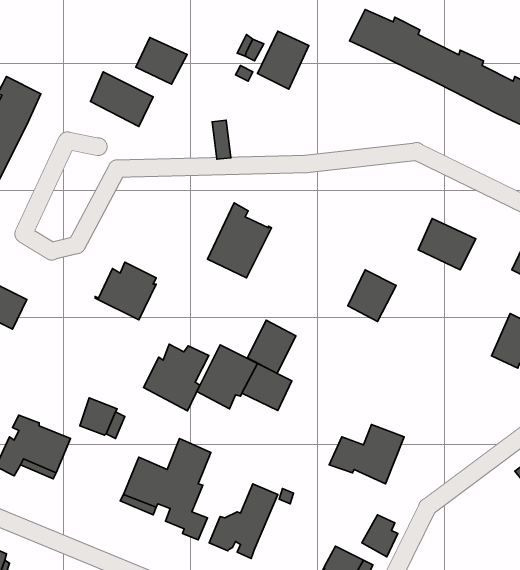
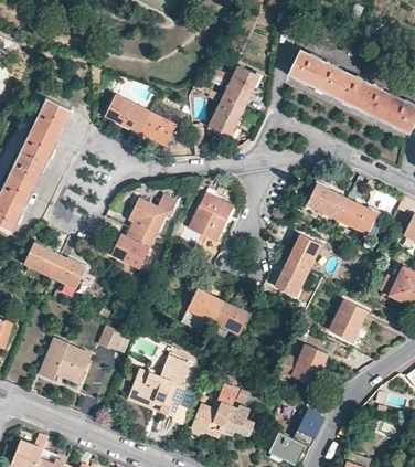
building: [136,37,187,84] -> [139,113,175,146]
building: none -> [208,96,245,137]
building: none -> [306,184,347,221]
building: none -> [128,194,175,241]
building: none -> [50,256,84,289]
building: [247,320,296,373] -> [274,261,308,298]
building: [144,344,209,411] -> none
building: none -> [330,301,366,342]
building: none -> [221,406,260,438]

